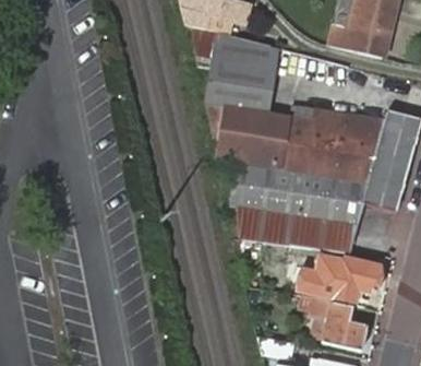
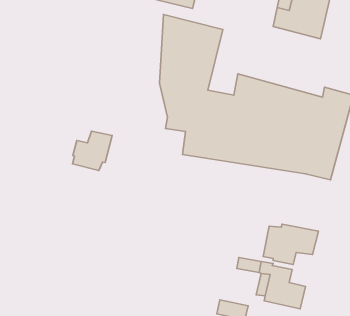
building: none -> [73,131,112,171]
building: [234,184,368,255] -> none

